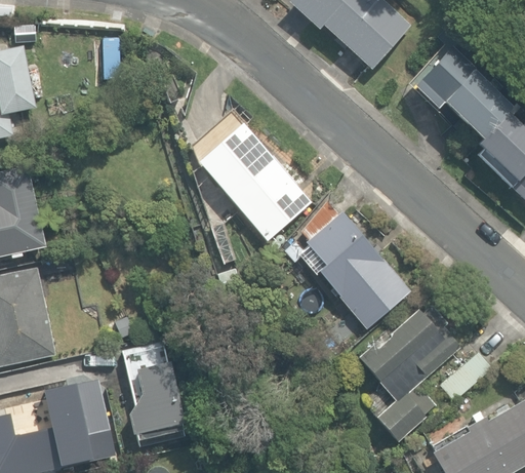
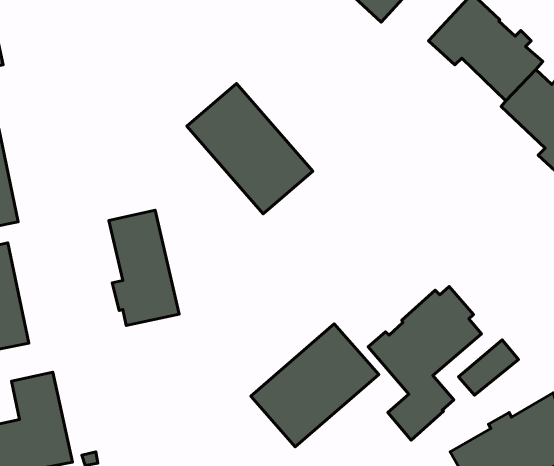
building: [299,199,413,331] -> none
building: none -> [251,324,379,447]
building: [123,345,186,447] -> [109,210,179,326]

